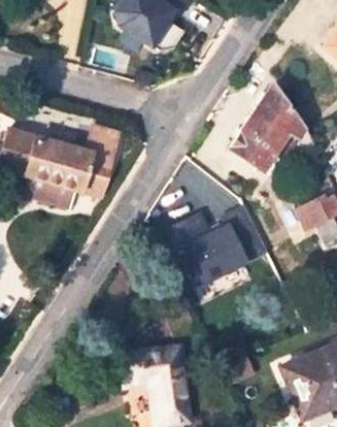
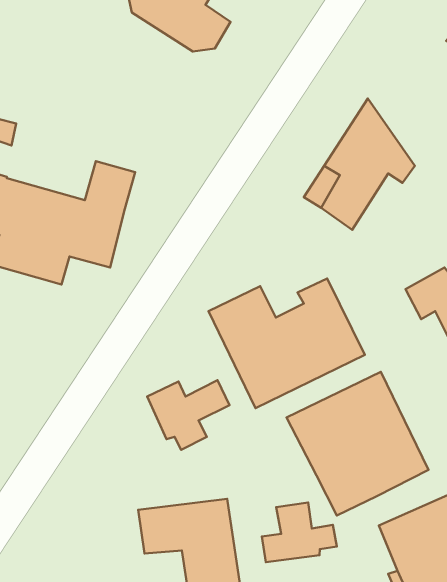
building: none -> [286,372,429,515]
building: none -> [147,380,230,450]
building: none -> [262,503,337,562]

